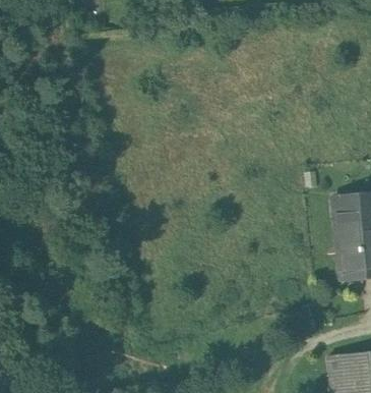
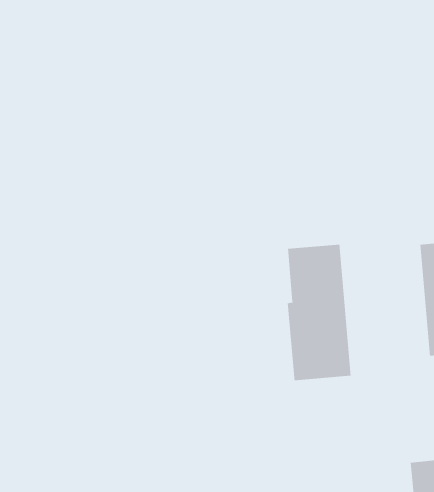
building: none -> [287,244,351,381]

